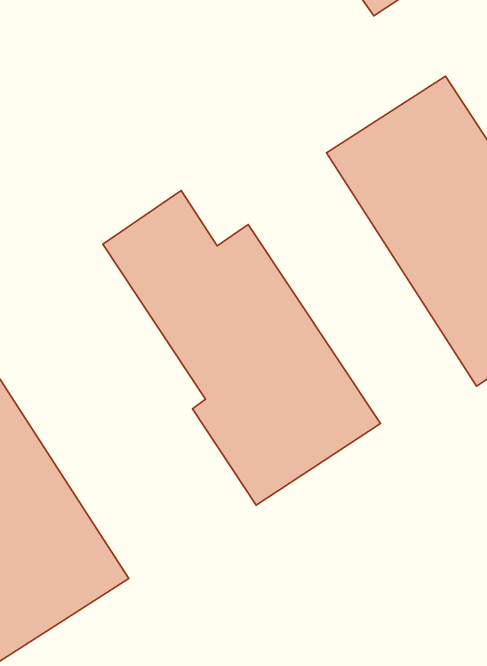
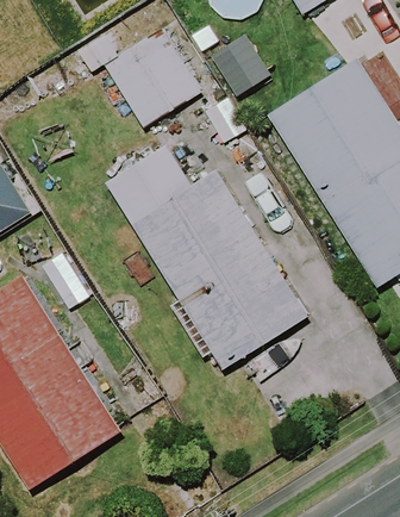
building: none -> [77,24,204,126]

